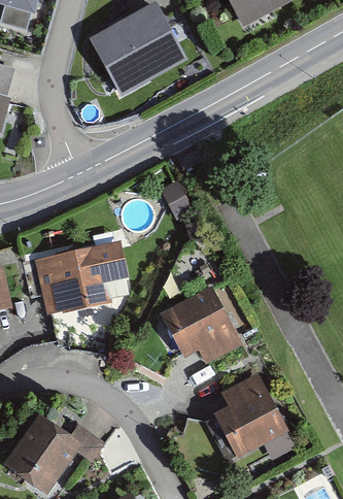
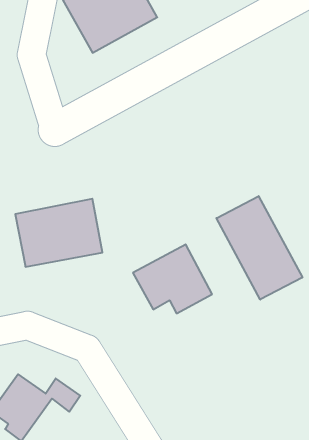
building: none -> [216,196,302,300]
building: [209,374,287,460] -> none

